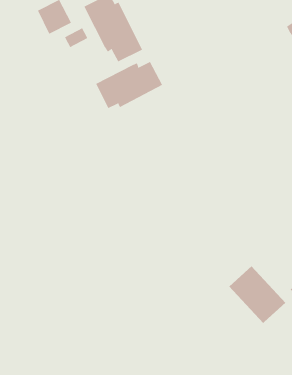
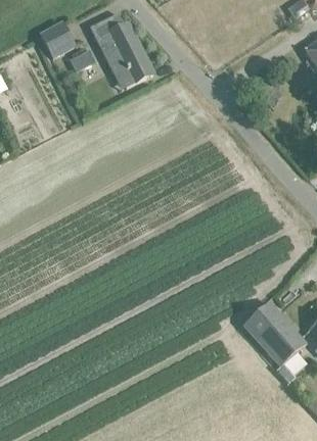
building: [95,61,163,109] -> none

